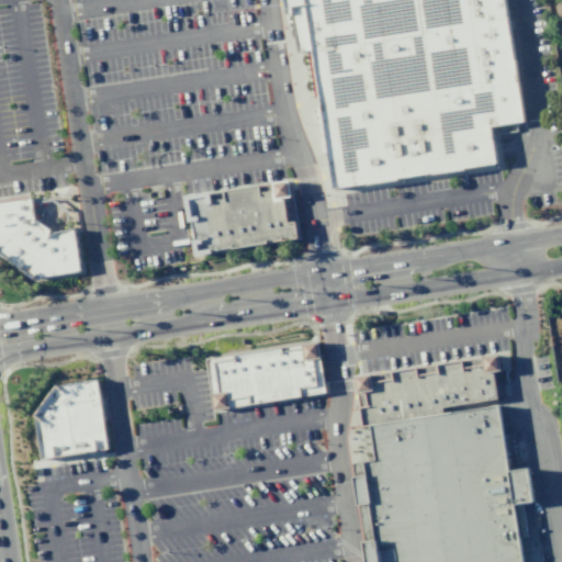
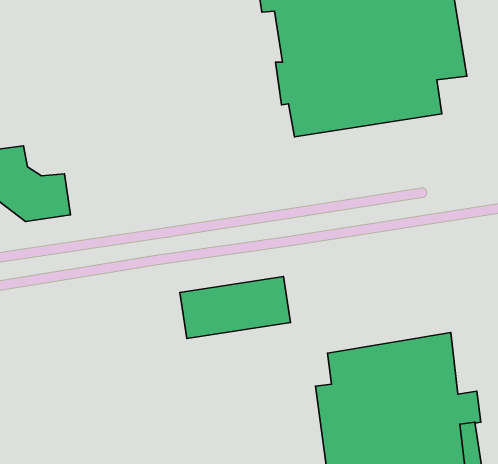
building: [195,181,306,258] -> none
building: [362,356,506,427] -> none
building: [35,380,114,461] -> none

